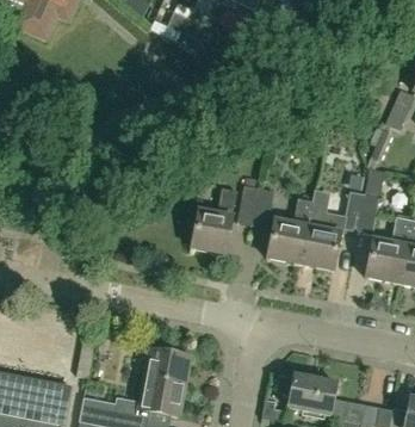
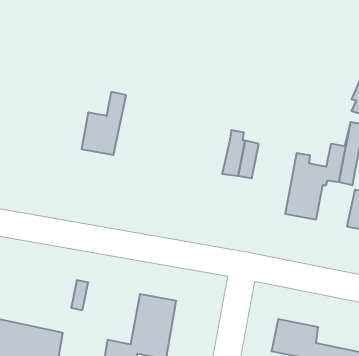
building: [192,186,239,252] -> [81,92,126,155]
building: [268,196,314,262] -> none

